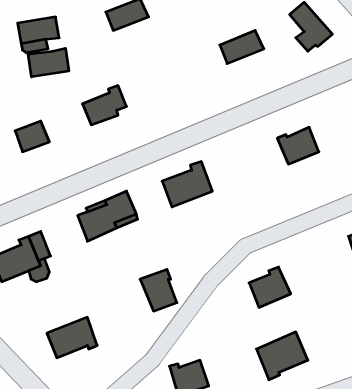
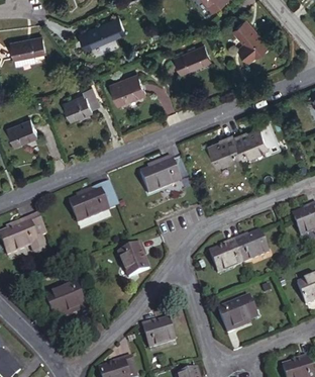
building: [28,48,69,77] -> none
building: none -> [118,74,156,105]
building: none -> [205,131,239,164]
building: none -> [232,232,267,263]

